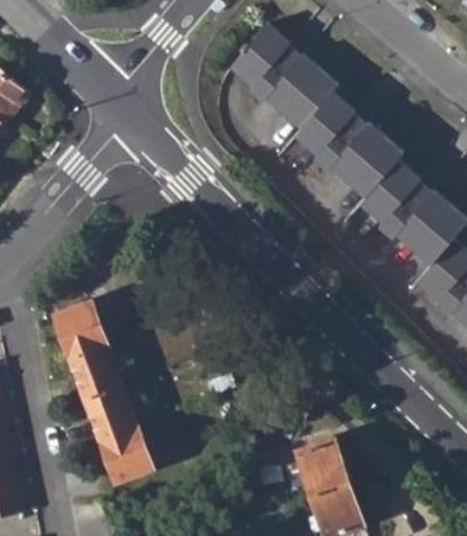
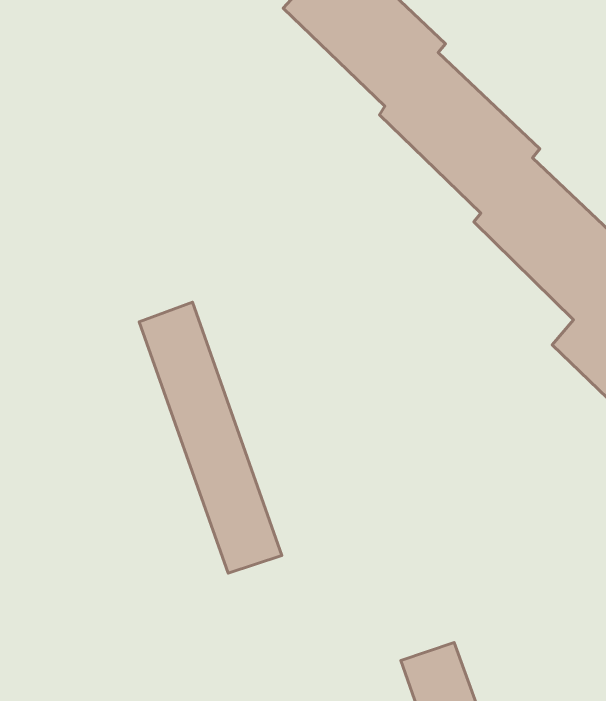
building: [57,302,152,483] -> [139,302,282,573]
building: [296,440,346,494] -> none

